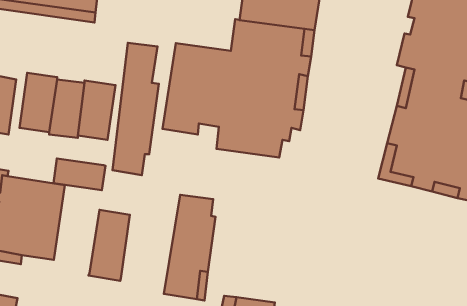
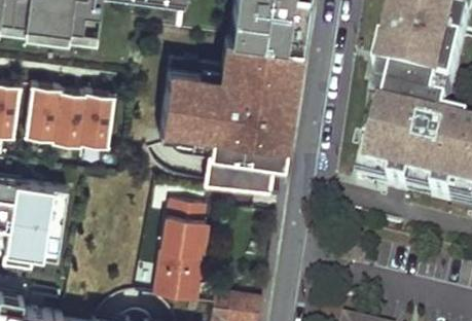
building: [113,43,159,175] -> none
building: none -> [202,138,285,195]
building: [53,159,105,190] -> none
building: [89,210,130,281] -> none

